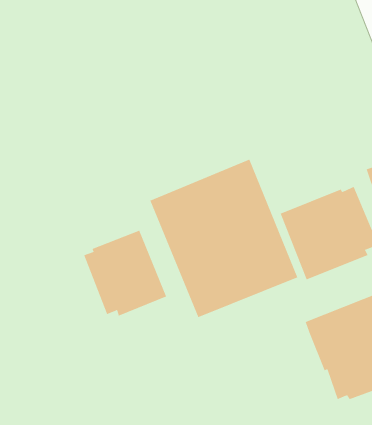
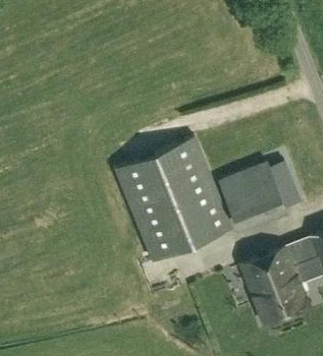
building: [83,230,167,316] -> none

